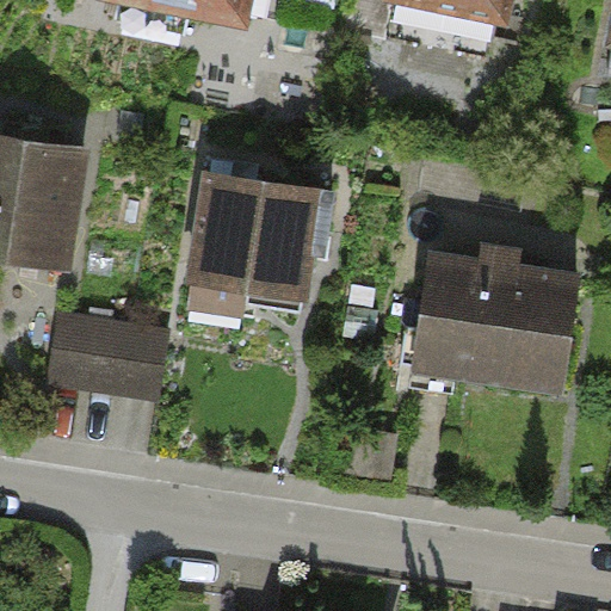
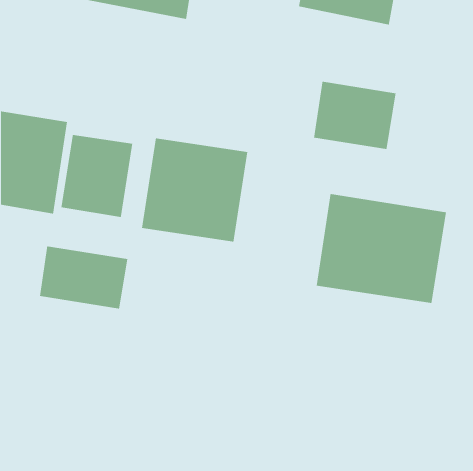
building: none -> [314,81,396,150]
building: none -> [61,134,133,218]

